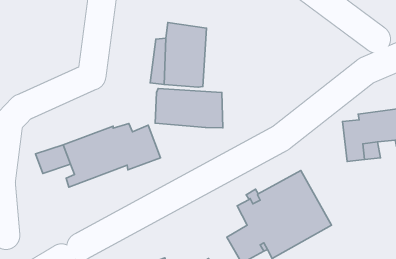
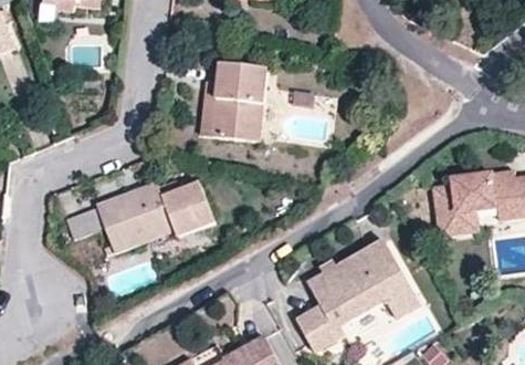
building: [155,88,223,128] -> none

